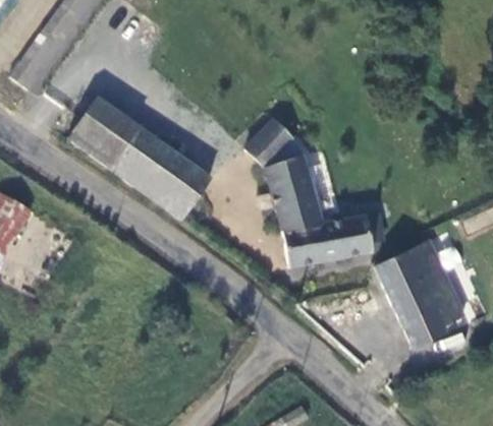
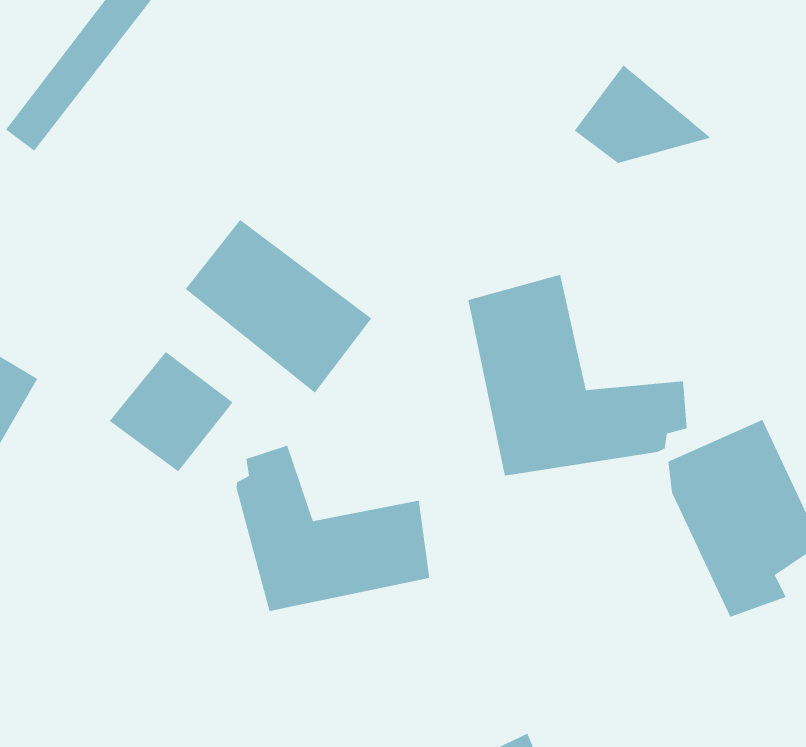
building: [70,98,140,165] -> [109,351,233,472]
building: [241,116,318,171] -> [574,65,711,164]
building: none -> [236,445,430,612]

